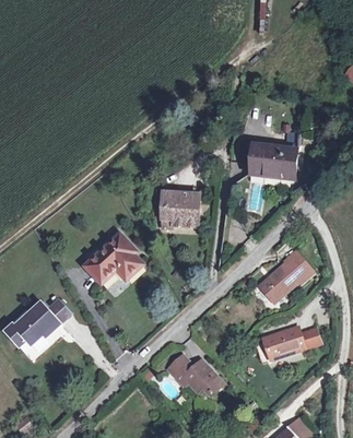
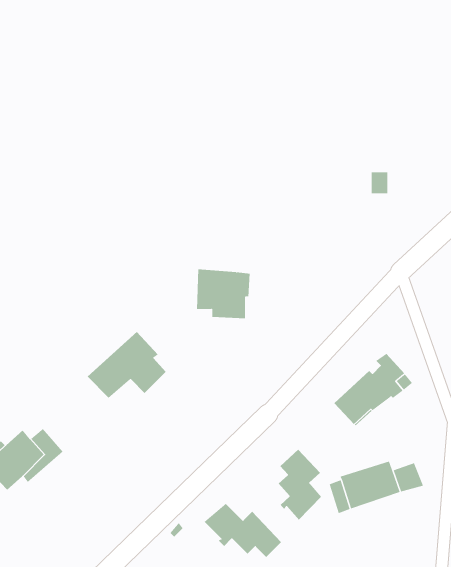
building: [251,144,296,178] -> none
building: none -> [278,449,322,521]

